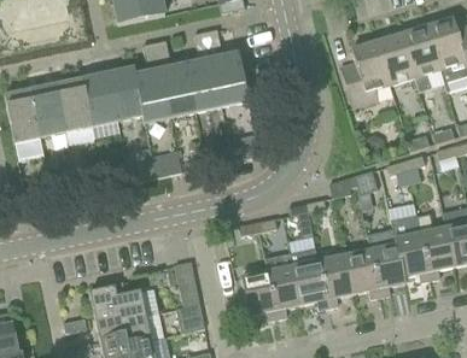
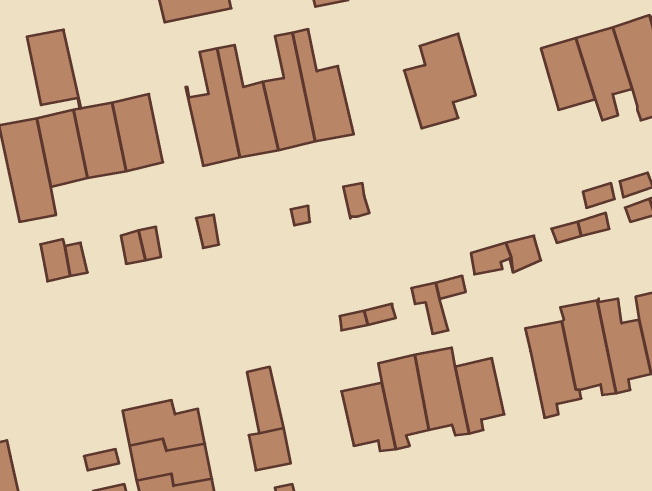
building: [340,41,390,106] -> [404,34,476,128]
building: [107,68,145,122] -> [27,30,81,108]
building: [344,250,380,297] -> none

